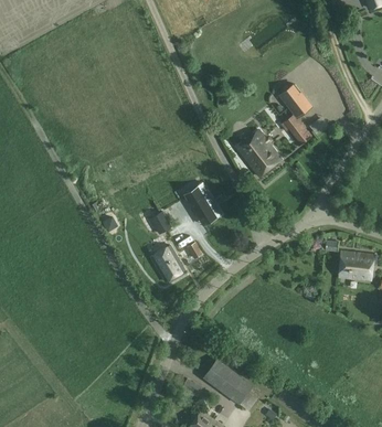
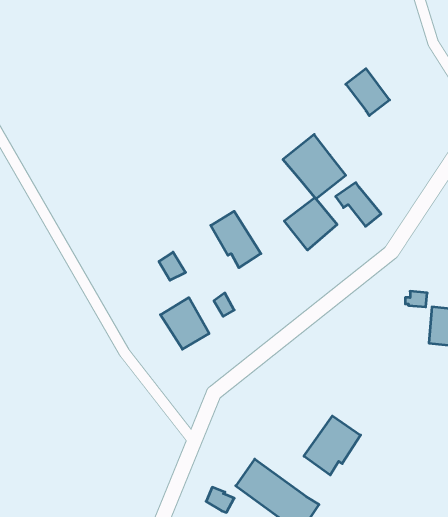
building: [279,114,311,145] -> [336,183,381,226]
building: none -> [284,198,337,250]
building: none -> [304,416,361,475]

